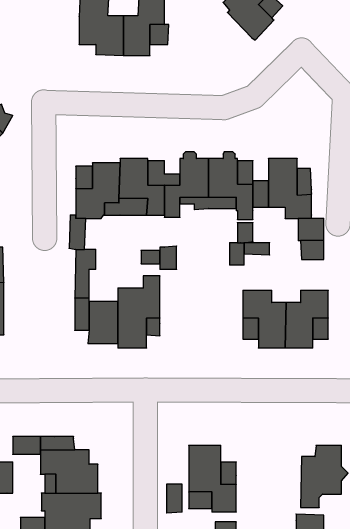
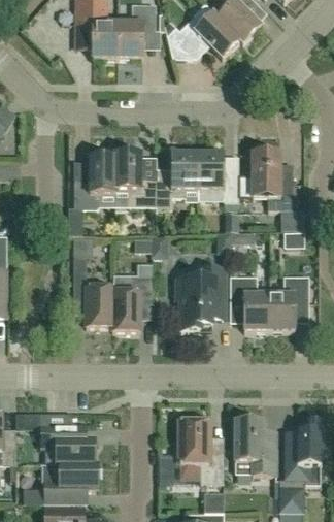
building: none -> [165,13,238,59]
building: none -> [177,268,225,330]
building: none -> [235,421,279,474]

